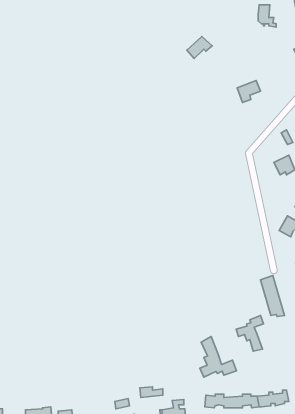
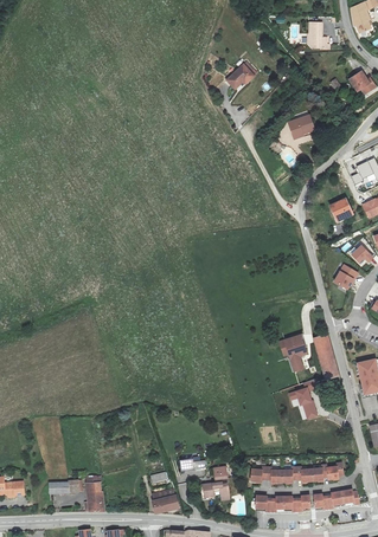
building: none -> [276,331,307,373]
building: [200,337,236,377] -> none

